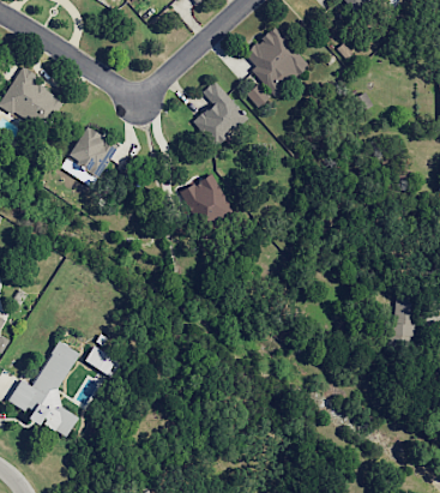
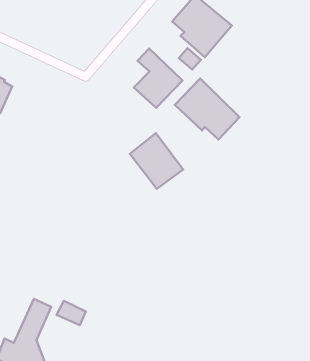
building: none -> [175,79,240,140]
building: [64,127,116,179] -> none

